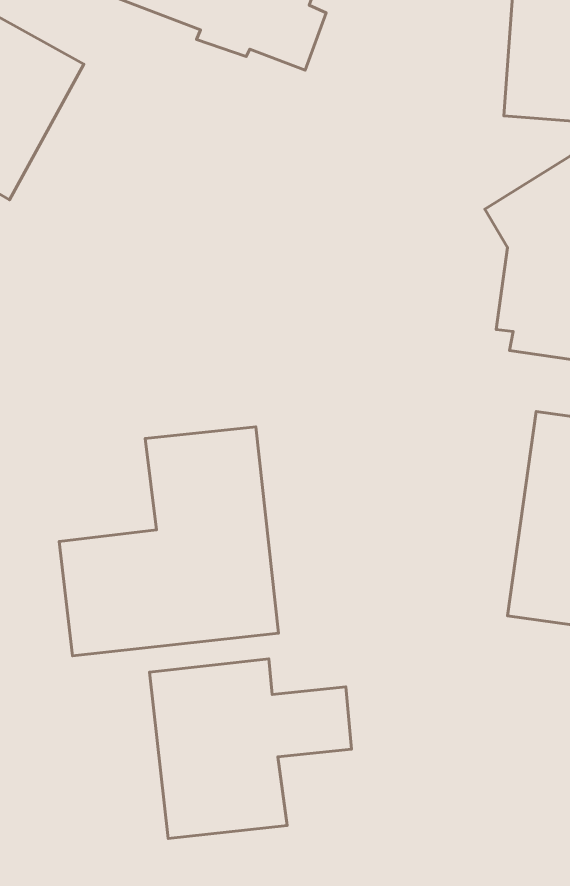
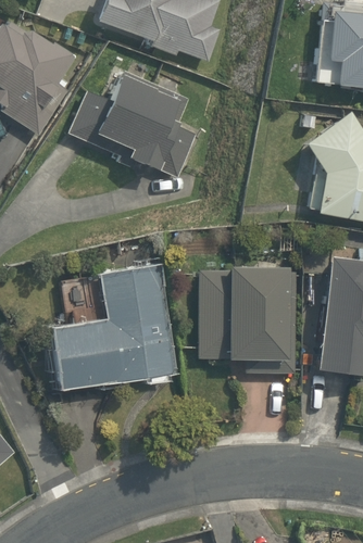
building: none -> [70,72,192,178]
building: none -> [200,266,293,377]
building: [150,659,351,839] -> none

